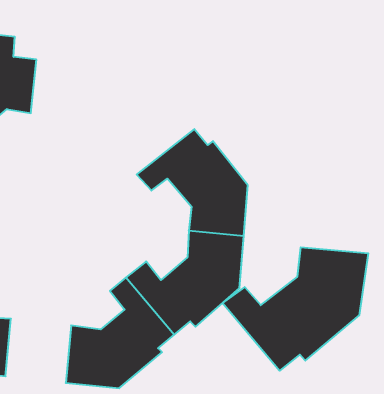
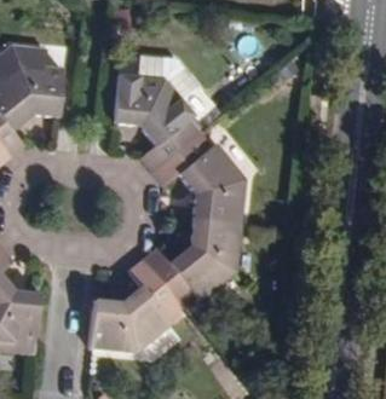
building: none -> [110,69,203,170]
building: [223,247,368,371] -> none

